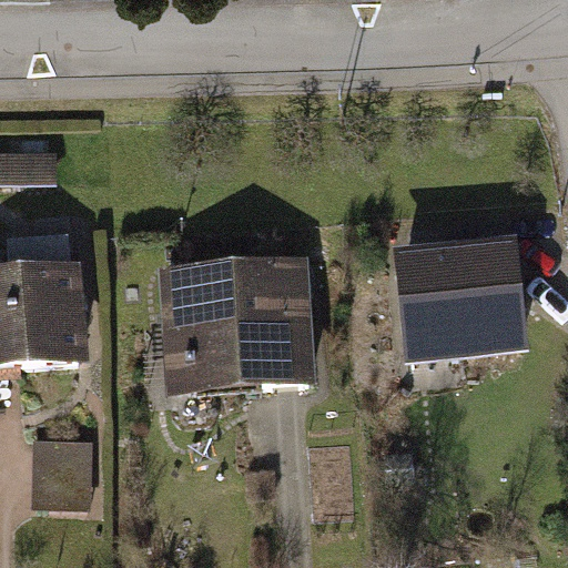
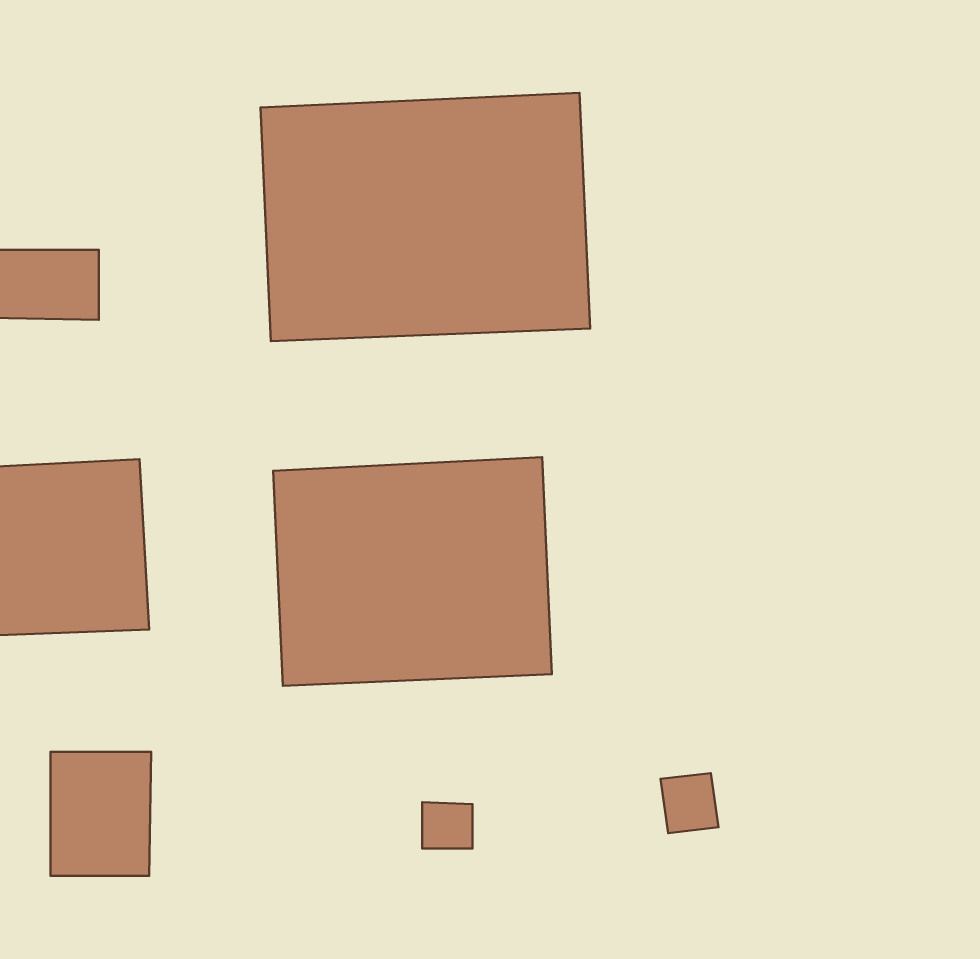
building: none -> [261,93,590,341]
building: [395,235,523,361] -> none

